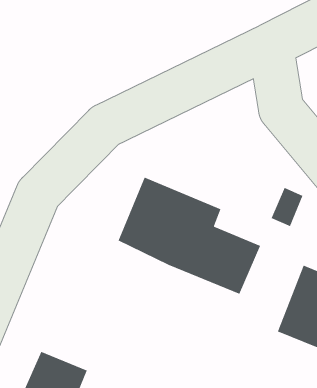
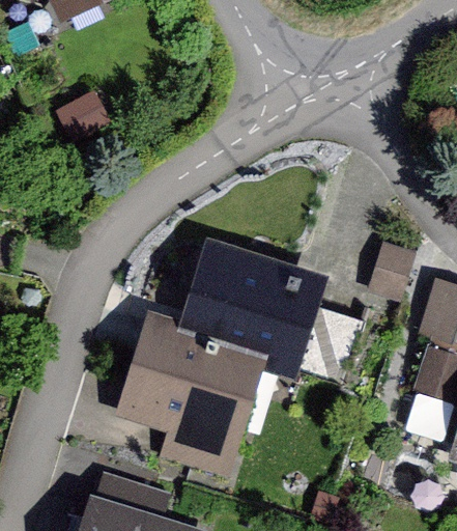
building: none -> [127,324,253,472]

